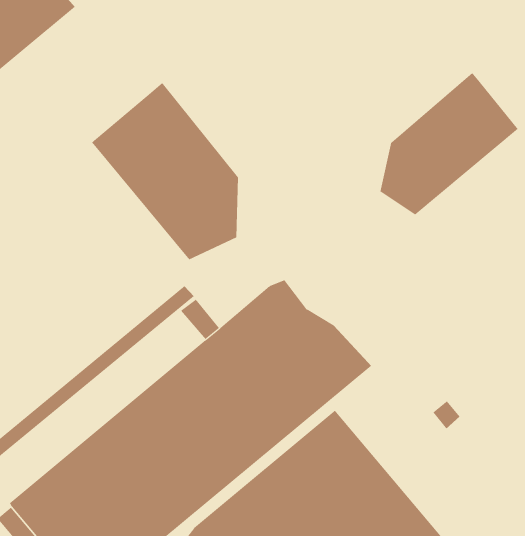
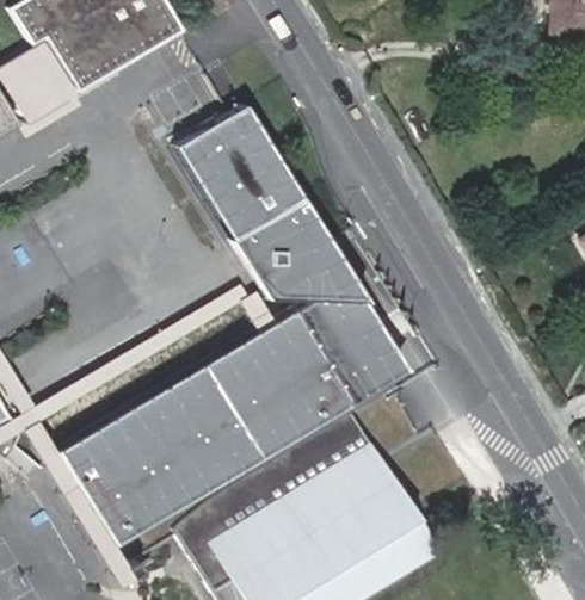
building: [380,72,519,215] -> none
building: none -> [250,198,406,377]

